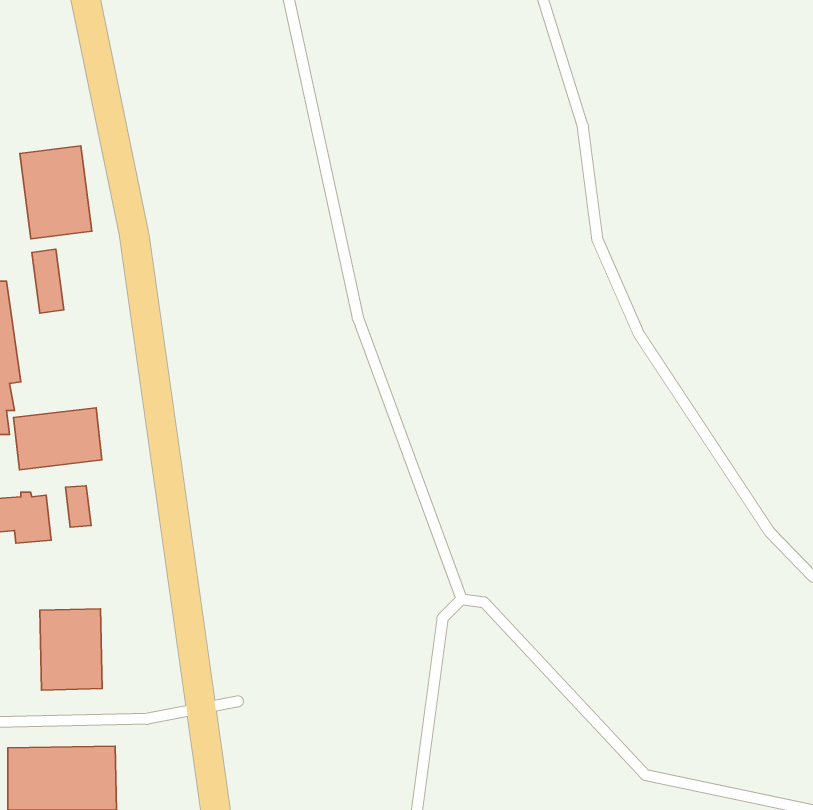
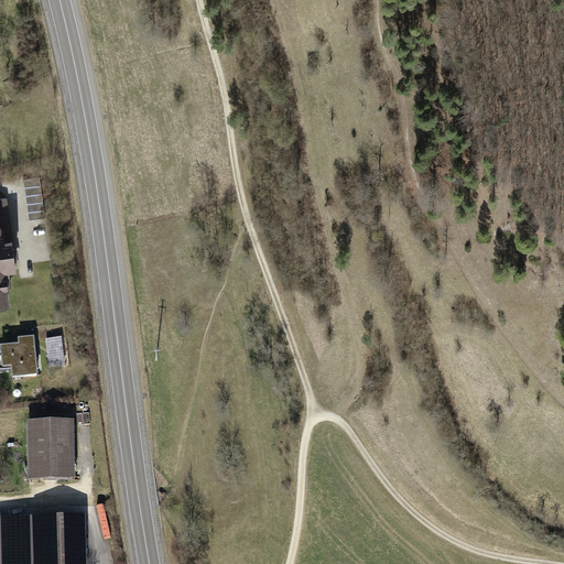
building: [20,146,92,239] -> none
building: [14,408,102,470] -> none

